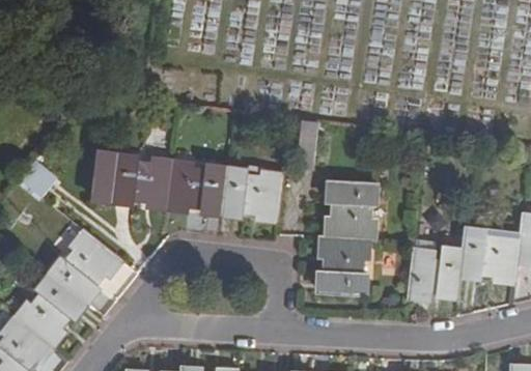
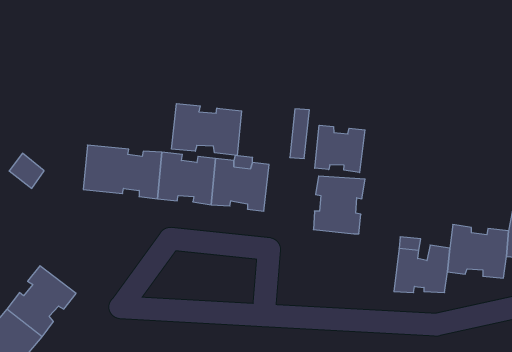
building: none -> [172,104,242,156]
building: none -> [315,125,365,173]
building: [50,230,119,302] -> none
building: [314,237,365,296] -> none

